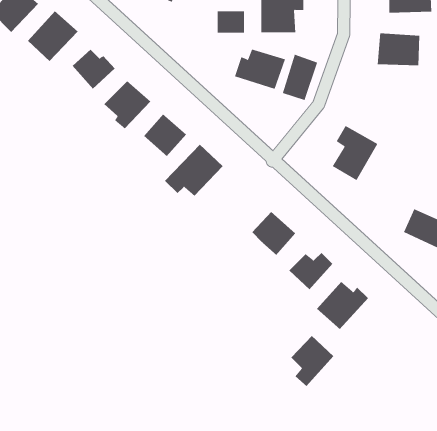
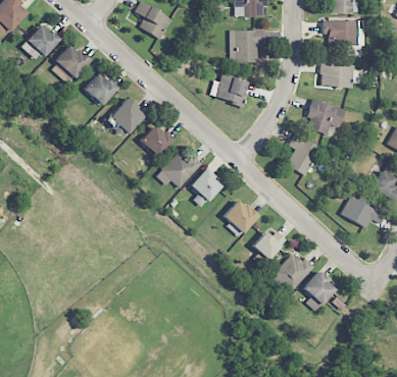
building: [217,10,245,34] -> none
building: [282,54,318,101] -> none
building: none -> [306,100,345,132]
building: none -> [189,168,222,207]
building: [291,335,334,387] -> [303,271,337,311]

